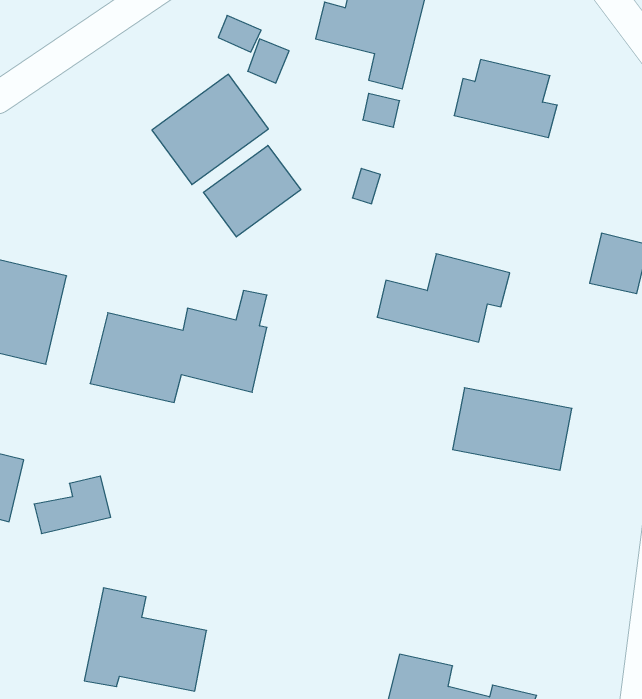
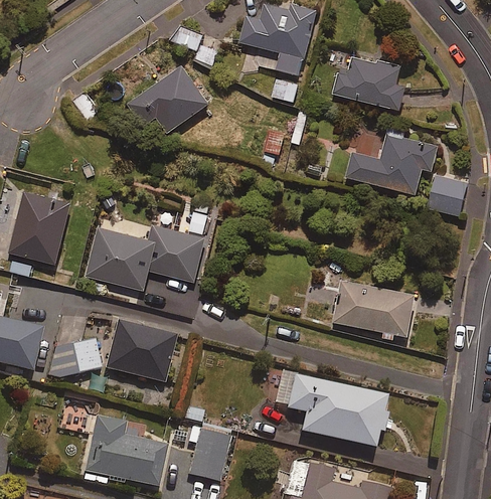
building: [203,145,301,237] -> none
building: [377,254,510,342] -> [347,133,438,193]
building: none -> [106,321,175,381]
building: none -> [274,371,386,448]
building: none -> [189,429,230,481]

